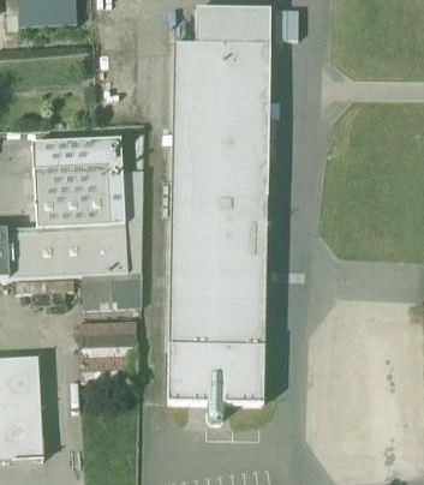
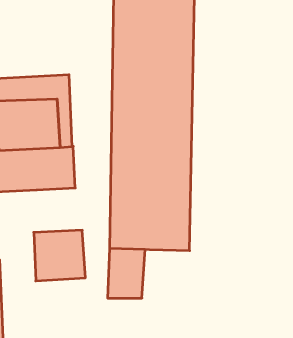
building: [82,270,142,307] -> none
building: [207,343,263,420] -> none

